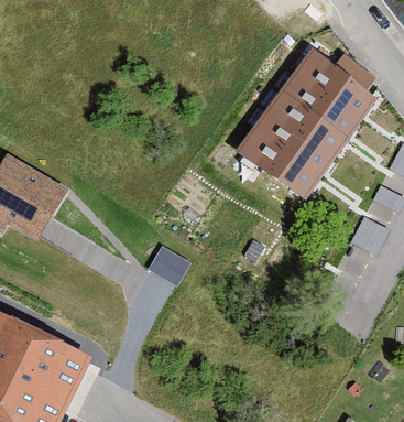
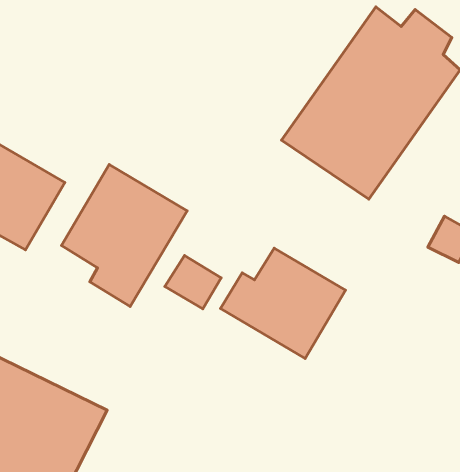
building: none -> [61,165,187,307]
building: none -> [221,248,346,358]

